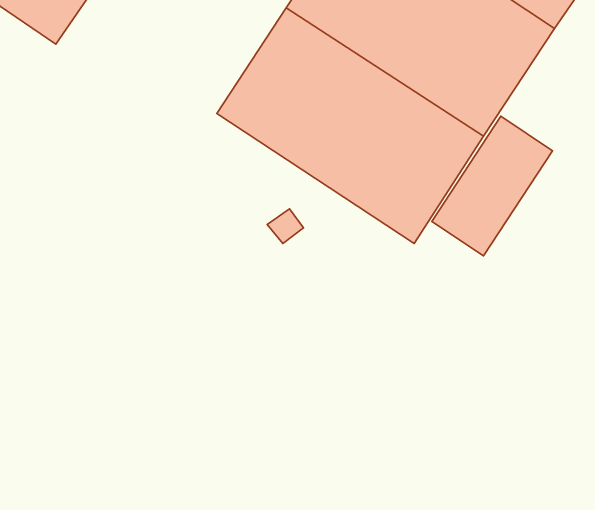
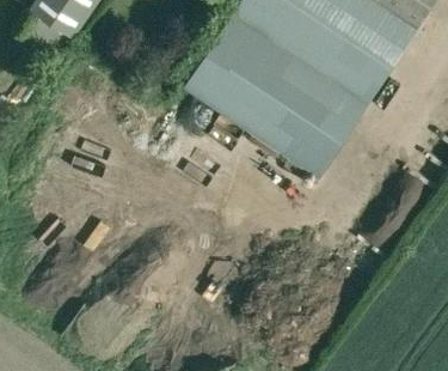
building: [432,116,552,256] -> none

